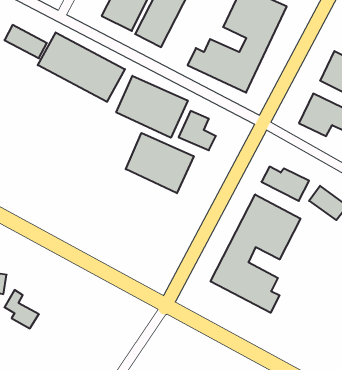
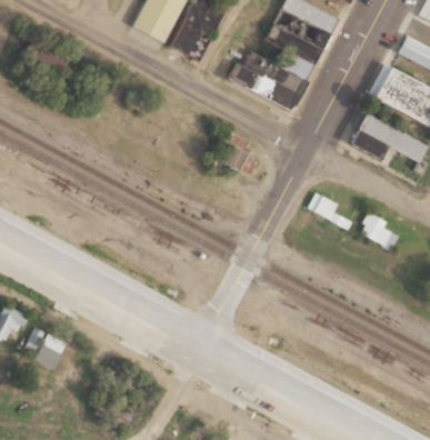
building: [38,32,125,102] -> none
building: [116,76,188,138] -> none
building: [126,133,194,193] -> none
building: [211,194,300,313] -> none

